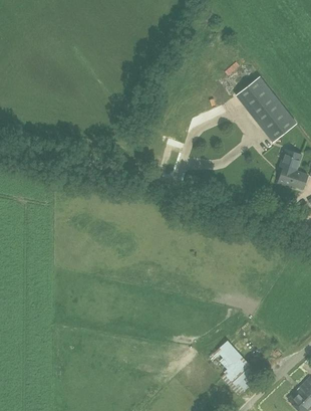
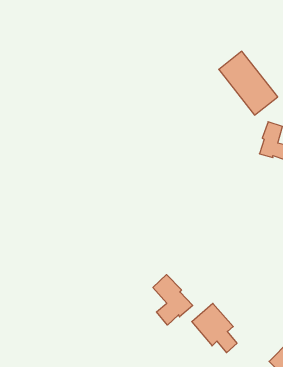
building: none -> [153,275,193,325]

